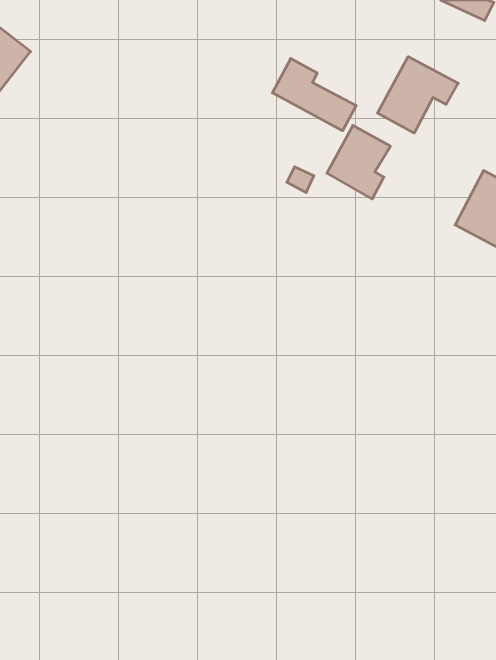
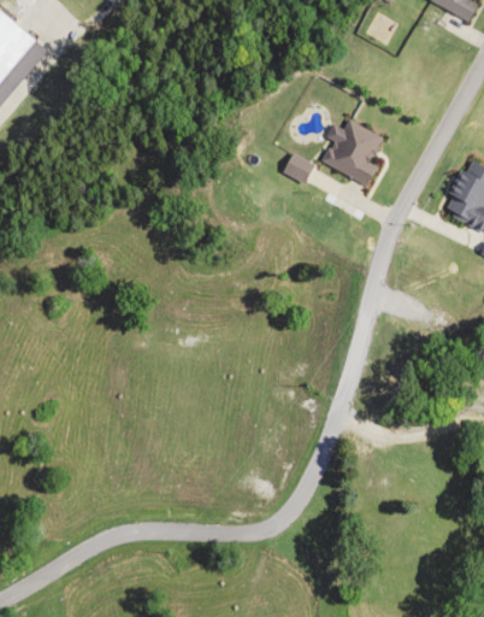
building: [378,57,458,133] -> none
building: [272,58,356,131] -> none

